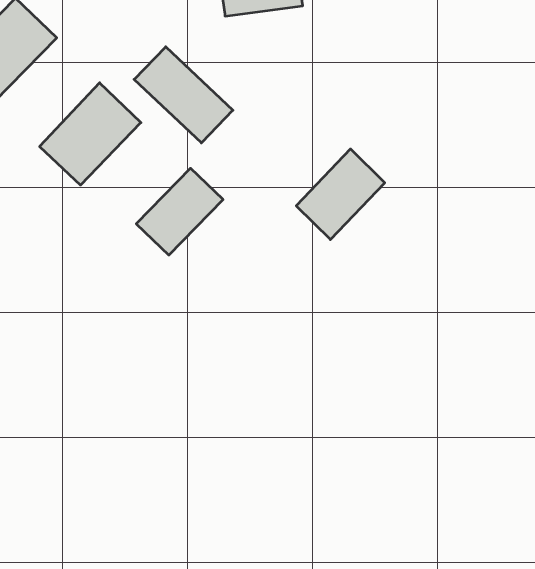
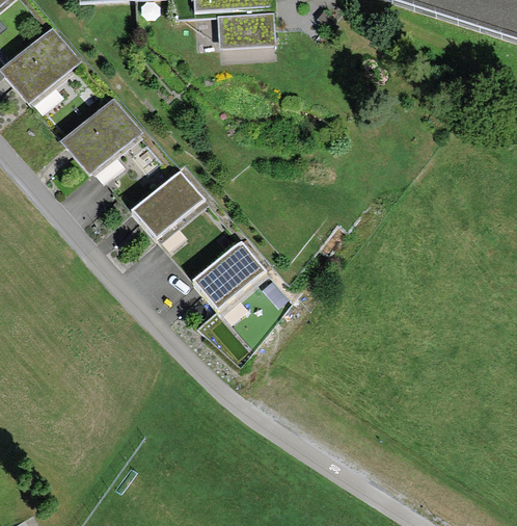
building: [134,47,233,143] -> none
building: [296,149,385,240] -> [194,238,266,309]

